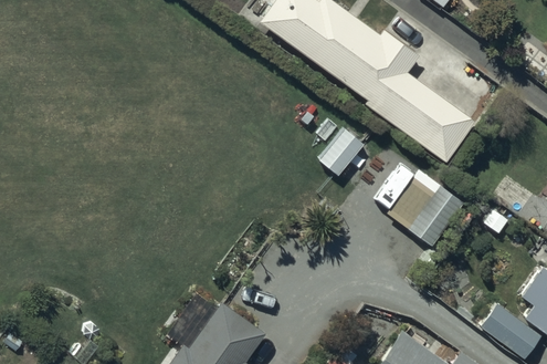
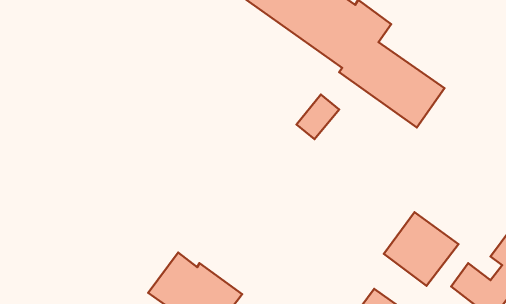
building: [388,170,465,247] -> [384,212,458,286]

